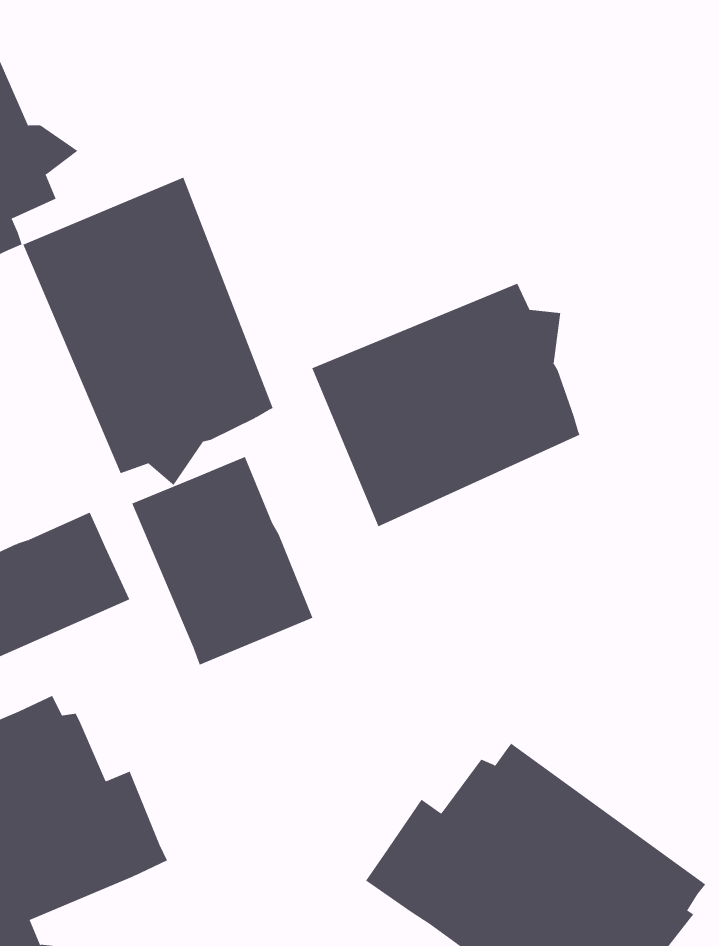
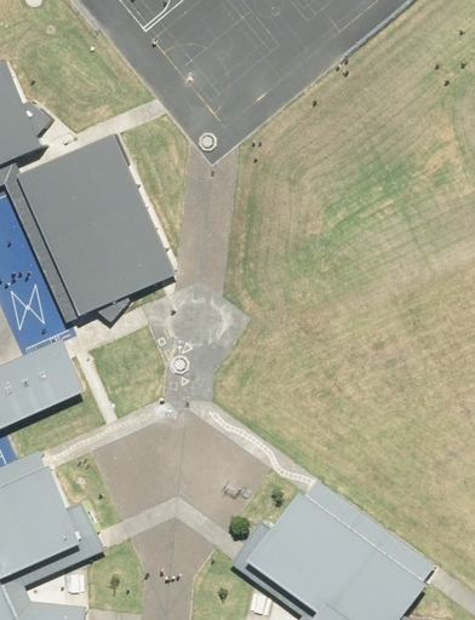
building: [311,283,580,527] -> none
building: [131,456,313,665] -> none

